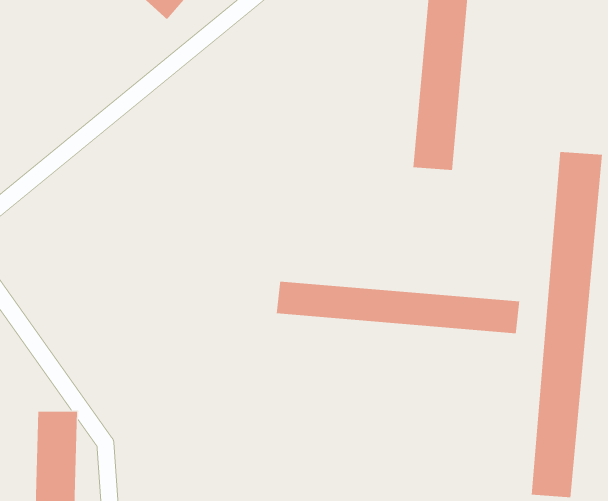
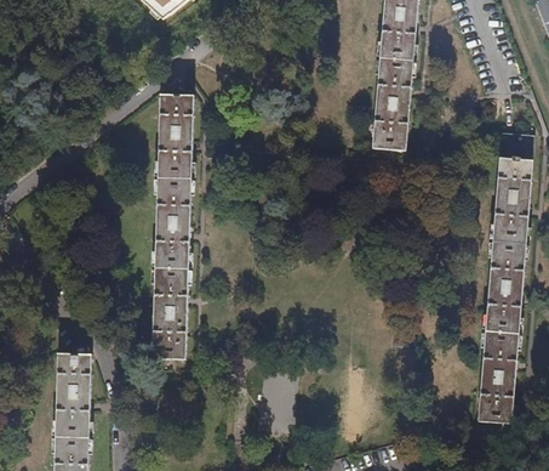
building: none -> [151,95,195,359]
building: [276,281,520,334] -> none

